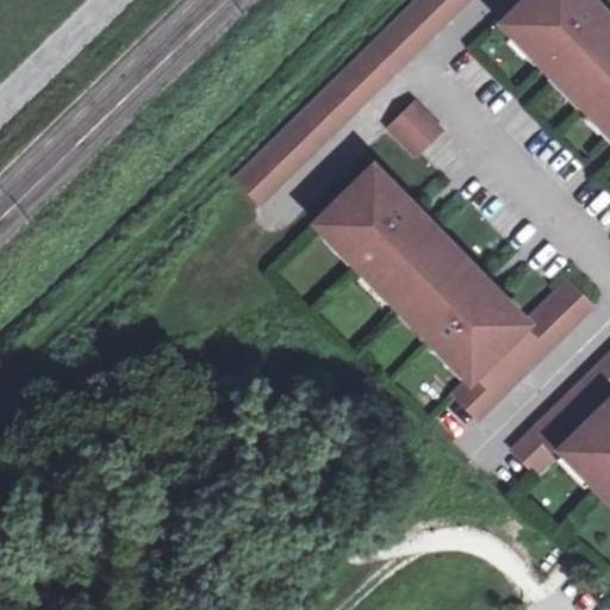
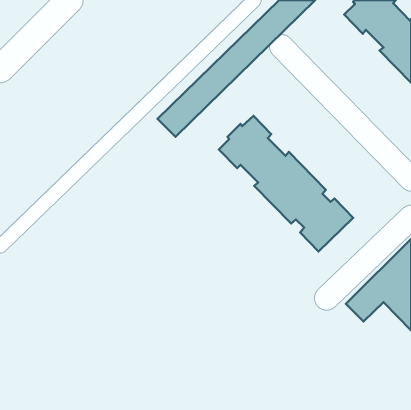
building: [387,104,442,158] -> none
building: [452,280,593,421] -> none

